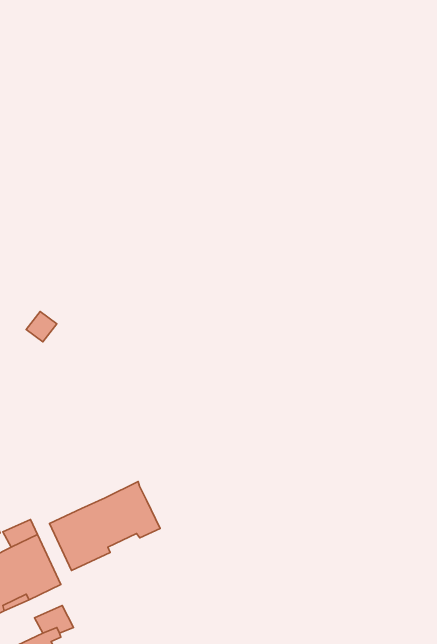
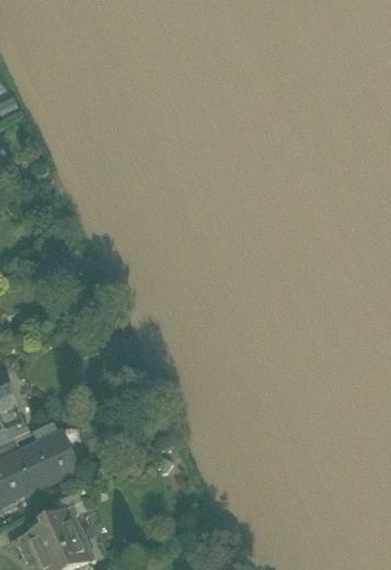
building: [50,482,160,570] -> none

